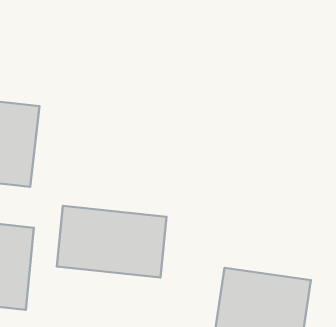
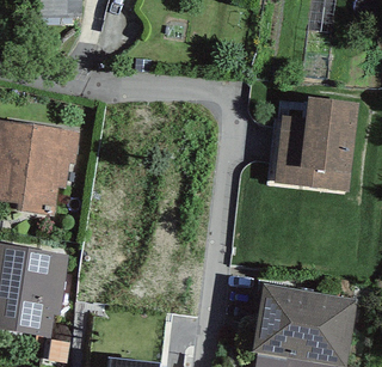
building: none -> [272,98,356,184]
building: [57,206,166,278] -> none

